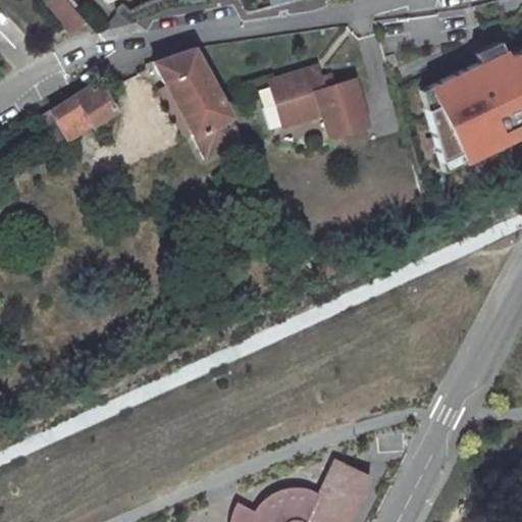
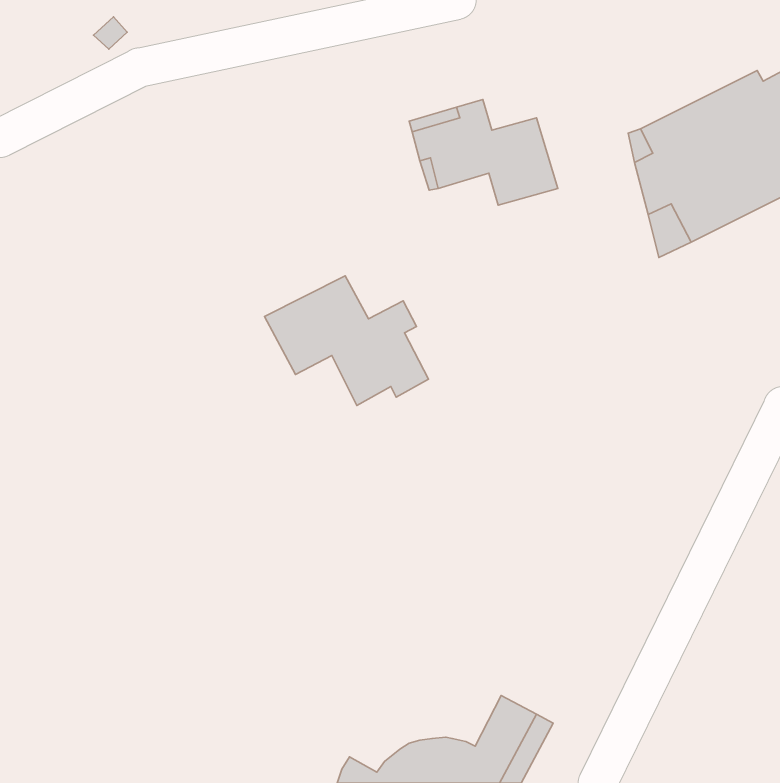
building: [154,46,245,159] -> none
building: [50,86,116,140] -> none
building: none -> [265,276,429,406]

